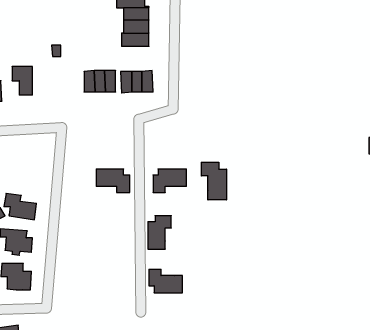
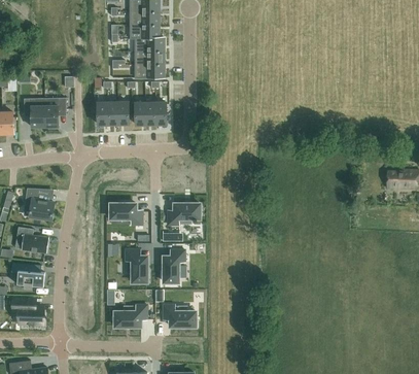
building: none -> [44,98,66,129]
building: none -> [24,190,54,220]
building: [201,162,226,200] -> none
building: none -> [125,249,148,283]
building: none -> [113,304,147,328]

